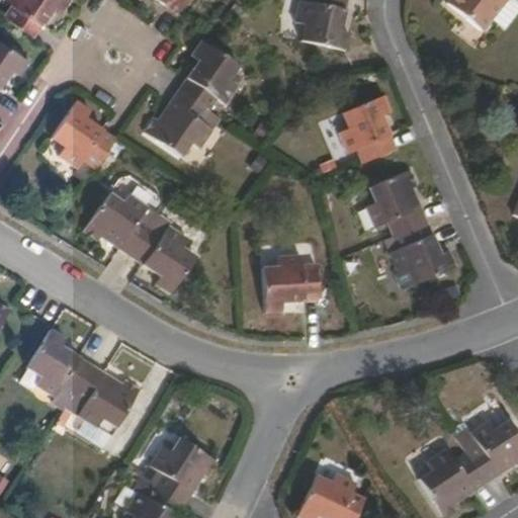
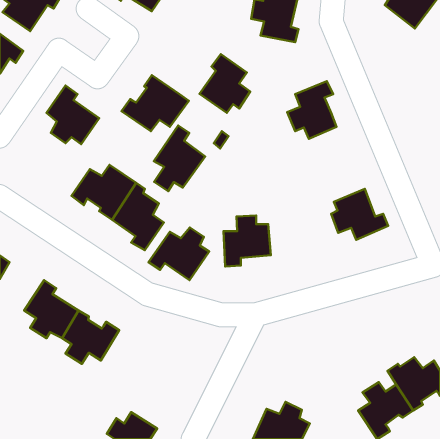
building: [178,41,238,110] -> [199,54,250,113]
building: none -> [154,125,205,191]
building: [365,170,428,237] -> none
building: none -> [149,227,209,280]
building: [149,439,217,503] -> none

